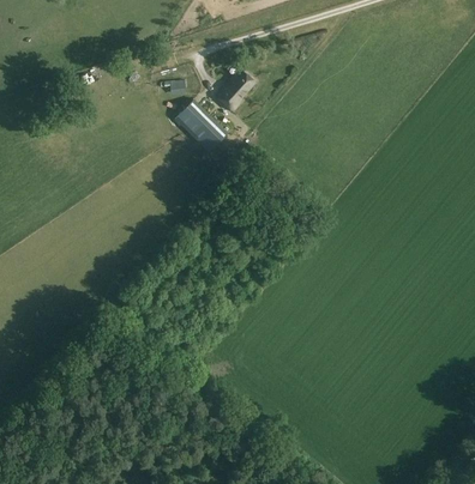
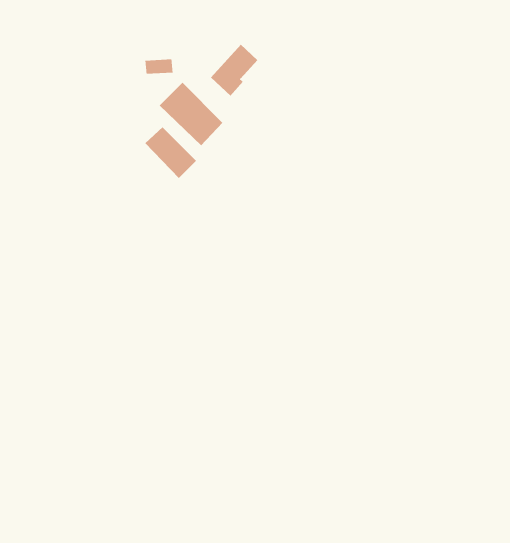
building: none -> [145,126,197,179]

